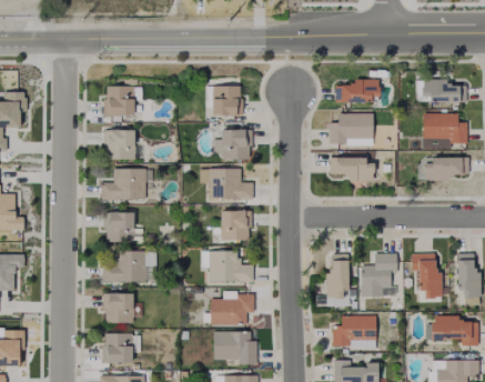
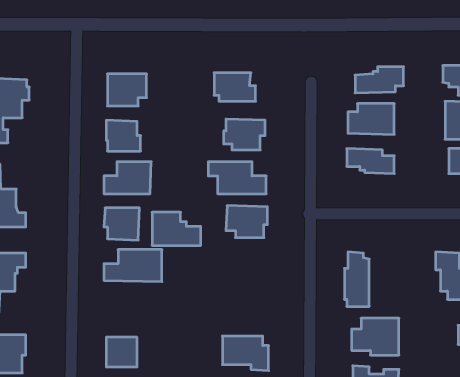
building: [208,250,253,281] -> [152,212,201,245]
building: [362,253,397,295] -> none
building: [104,292,135,323] -> none
building: [211,292,253,324] -> none

